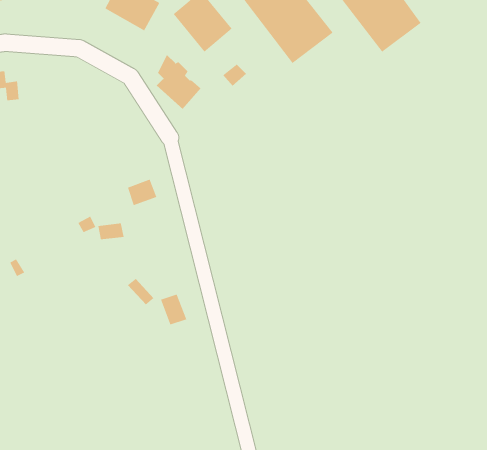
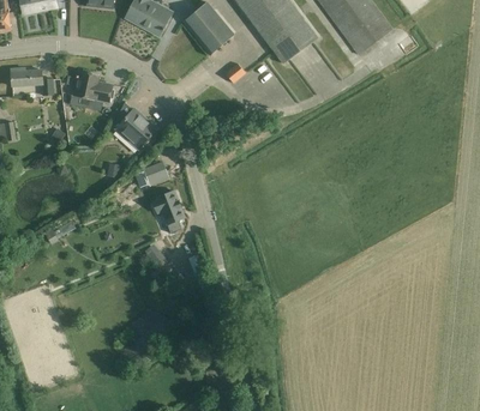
building: [156,53,201,110] -> [115,101,154,149]
building: none -> [72,71,112,103]
building: none -> [152,191,184,232]

